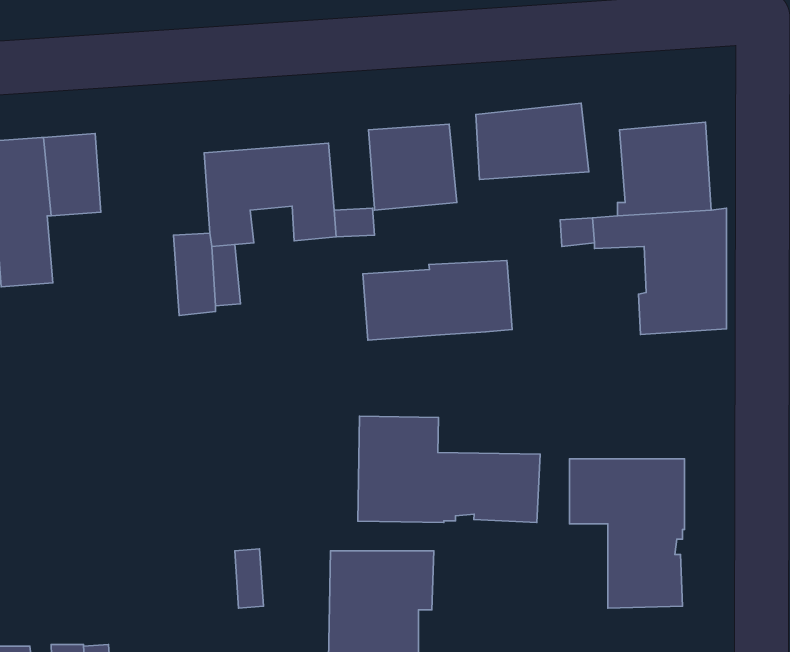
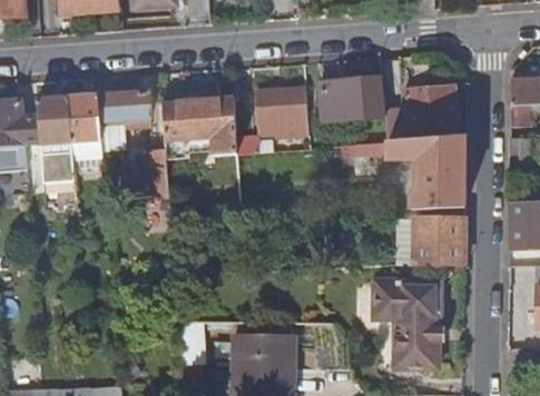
building: none -> [97,89,149,150]
building: [363,261,512,340] -> none
building: none -> [414,217,464,266]
building: [358,416,540,523] -> none

